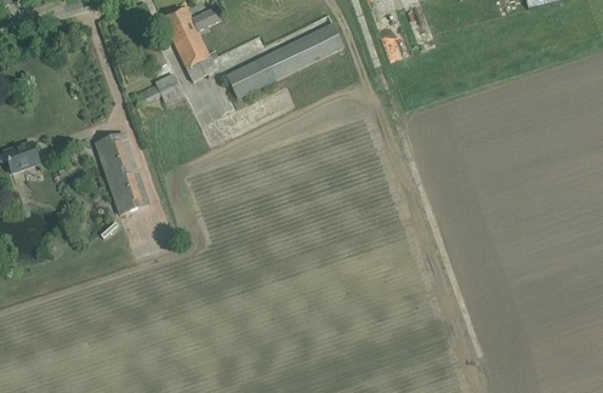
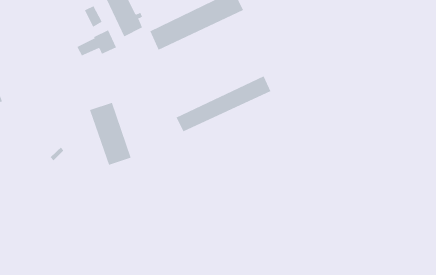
building: none -> [176,76,271,132]
building: [95,132,148,212] -> [89,102,132,166]

